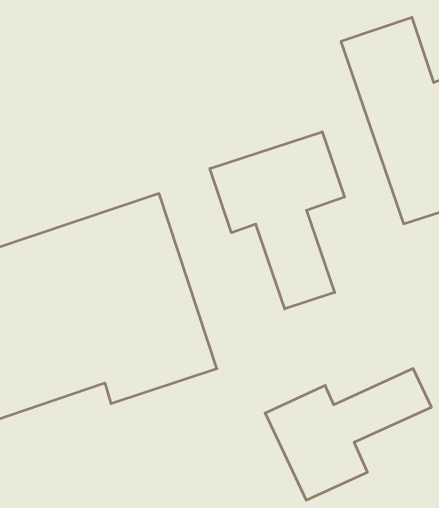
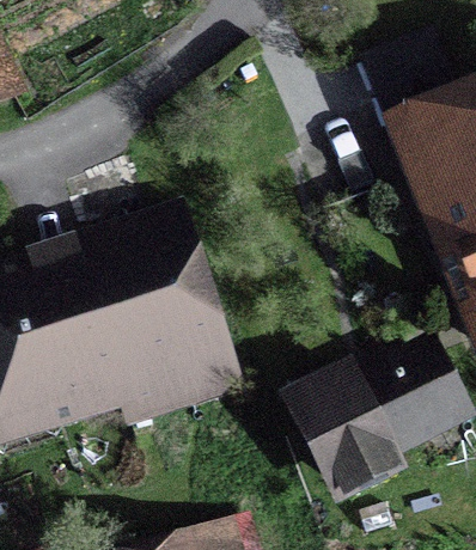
building: [210,132,345,309] -> none

